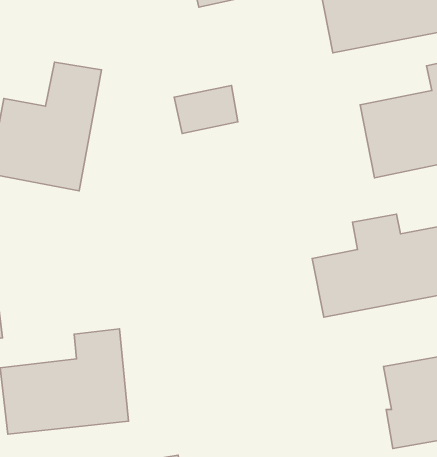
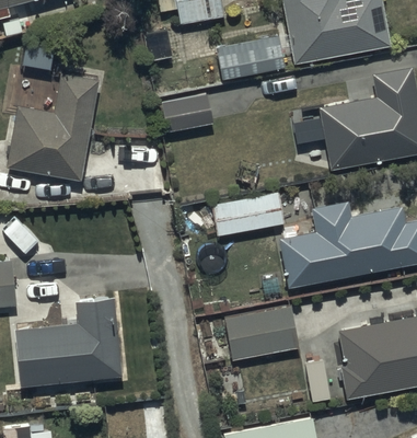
building: none -> [217,35,286,79]
building: none -> [211,192,285,237]
building: none -> [224,307,299,361]

